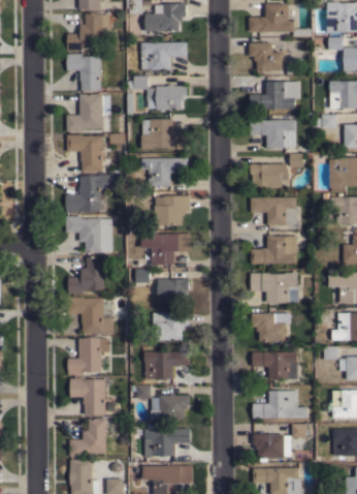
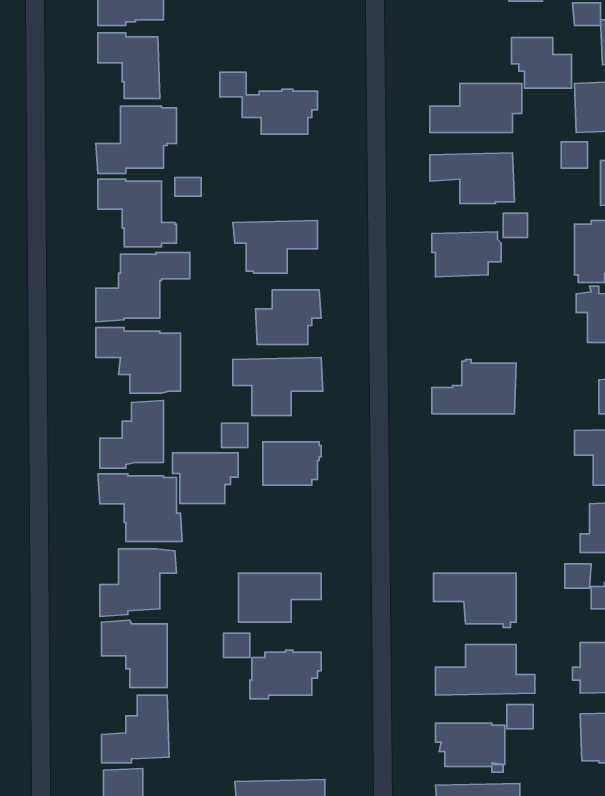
building: [141,42,187,69] -> none
building: [250,42,283,70] -> [511,38,572,88]
building: [141,119,189,149] -> none
building: [251,197,297,224] -> none
building: [251,273,298,303] -> none
building: [153,312,189,340] -> [172,453,238,503]
building: [252,312,290,341] -> none
building: [144,428,190,457] -> none

